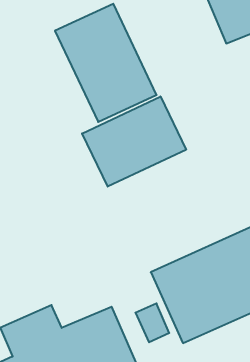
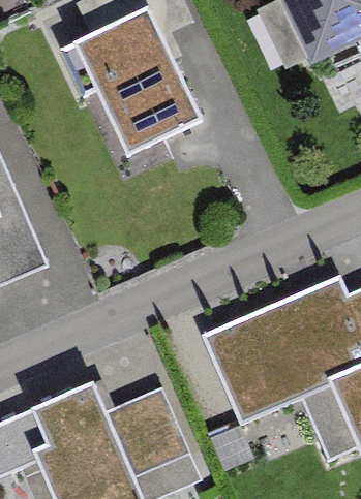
building: [82,96,186,187] -> none

